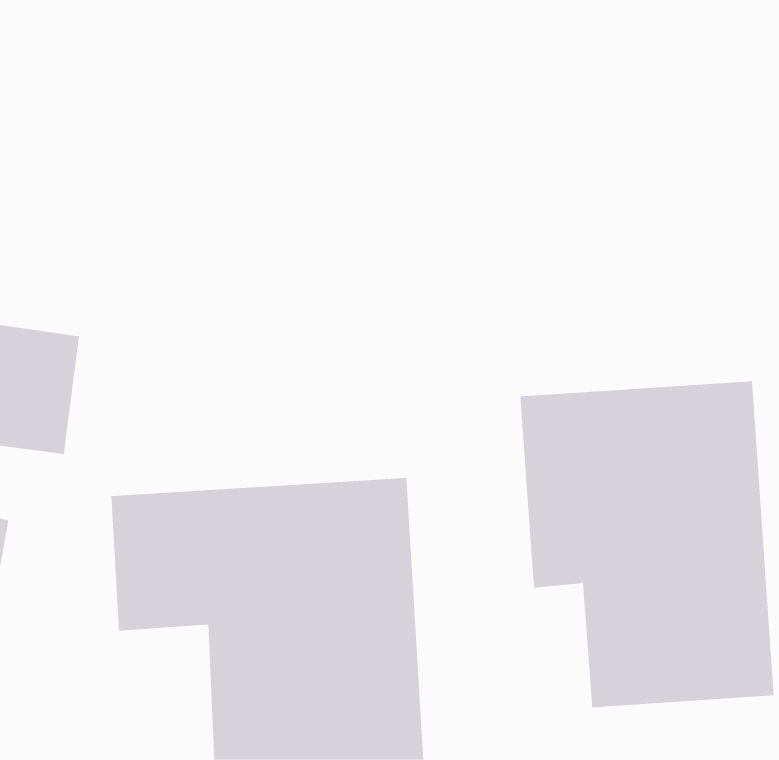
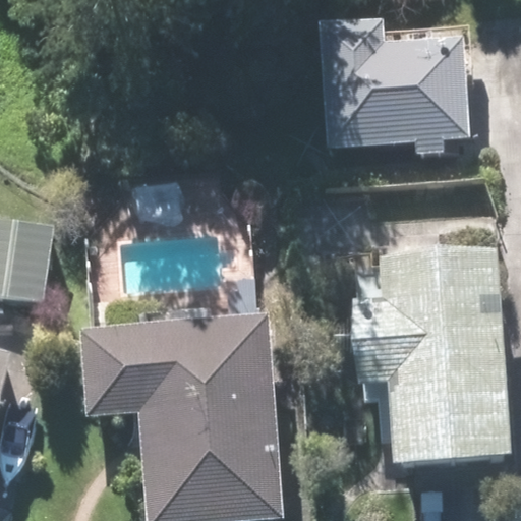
building: none -> [314,24,468,140]

